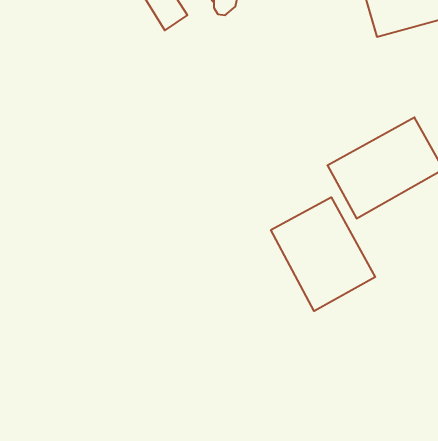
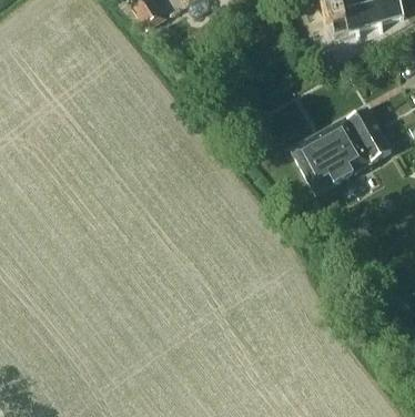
building: [271,197,375,311] -> none

